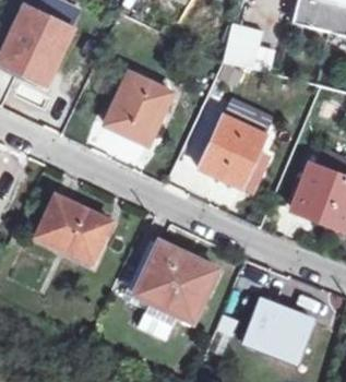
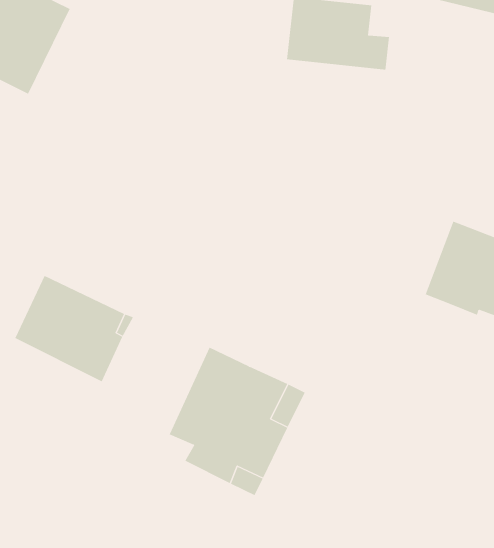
building: [106,72,174,141] -> none
building: [200,115,266,183] -> none
building: [246,299,313,359] -> none

